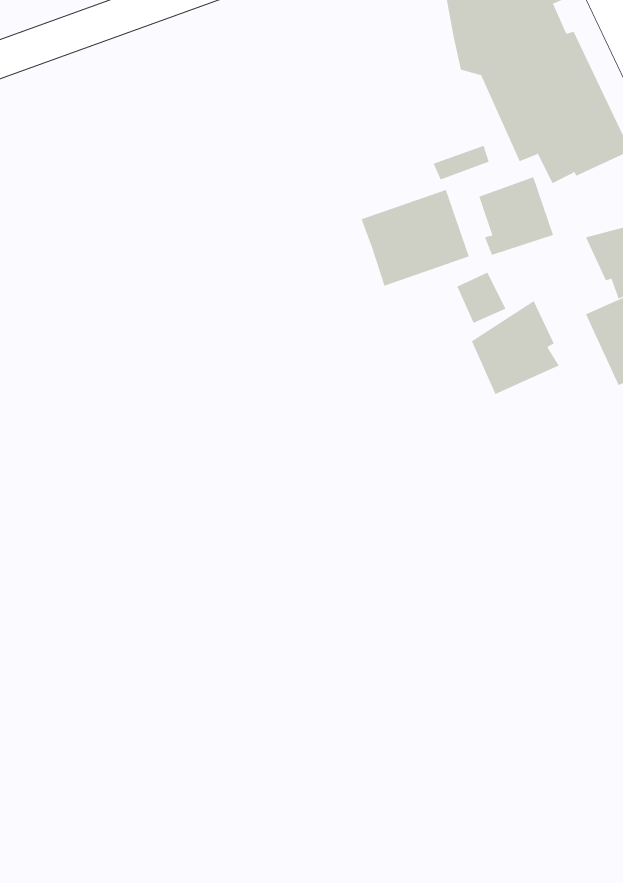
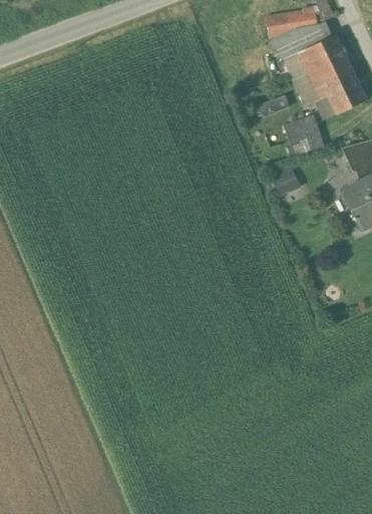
building: [361,189,469,286] -> none
building: [471,300,559,395] -> none

